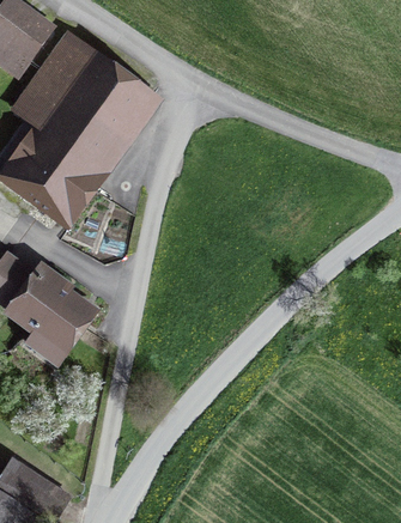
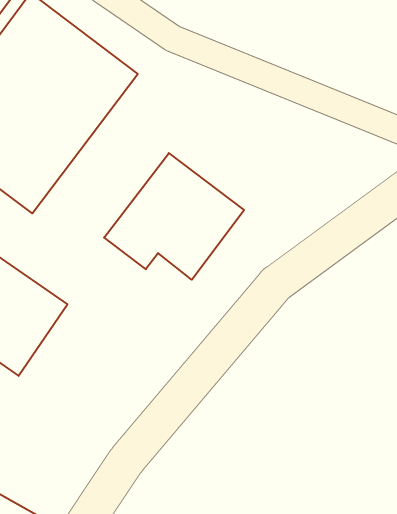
building: none -> [104,153,244,280]

